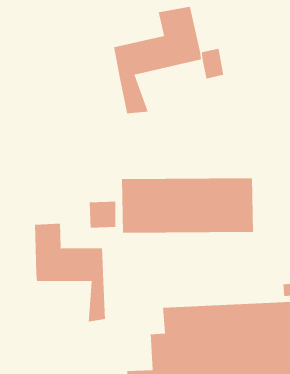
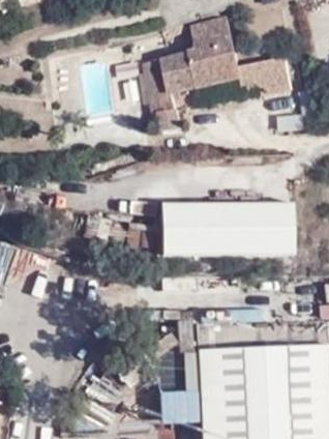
building: none -> [256,59,292,98]
building: [34,223,106,323] -> none

